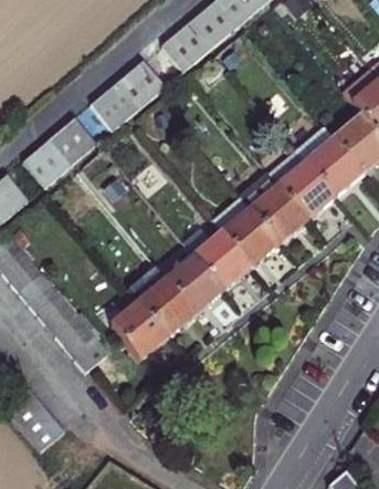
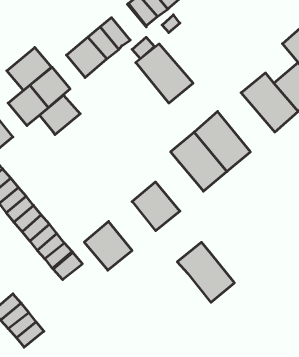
building: none -> [7,47,51,90]
building: [267,150,335,220] -> [136,44,193,103]
building: none -> [40,95,80,135]
building: [194,232,251,290] -> none
building: [127,266,194,336] -> [177,242,234,302]

